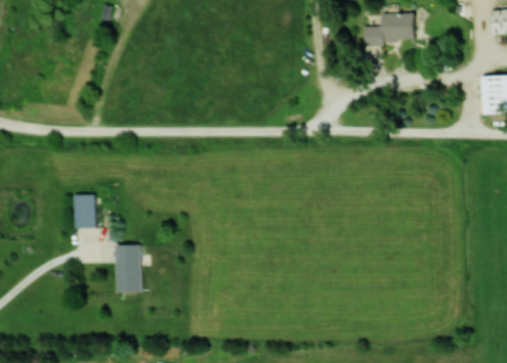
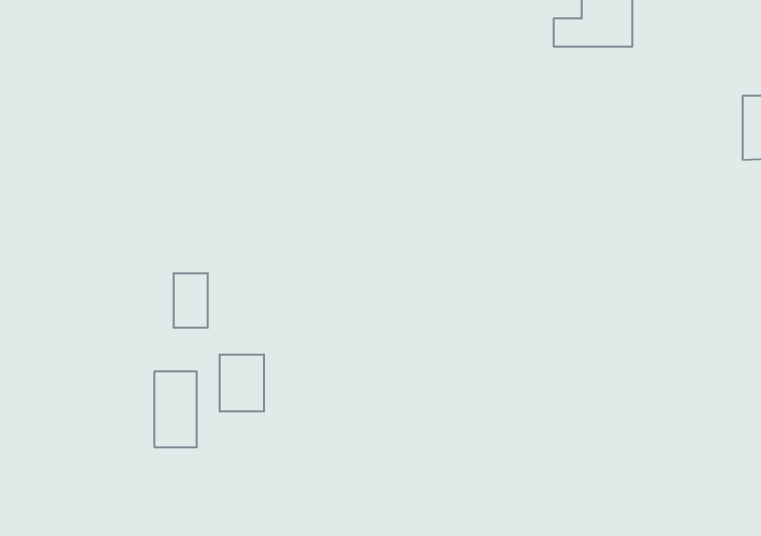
building: [74,194,95,228] -> [173,273,208,328]
building: none -> [220,354,264,412]

